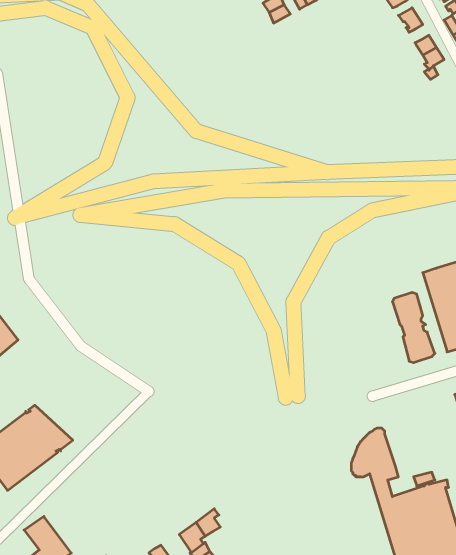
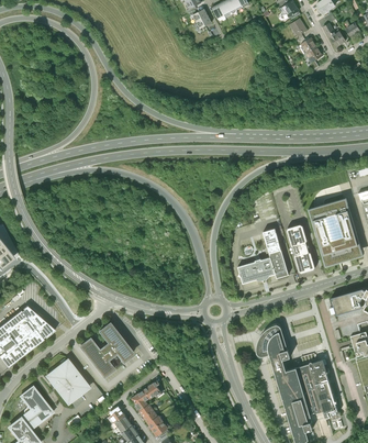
building: none -> [237,229,289,284]
building: none -> [81,324,132,376]
building: none -> [45,358,91,405]

